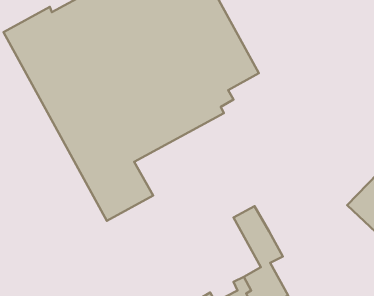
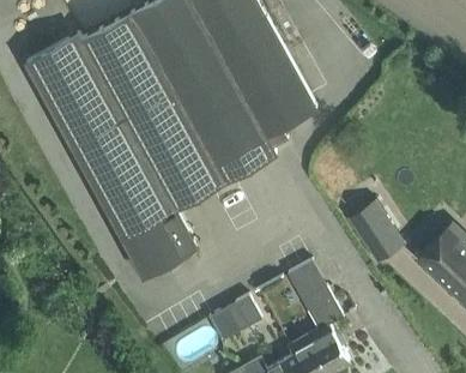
building: none -> [347,200,405,264]
building: none -> [208,295,262,342]

